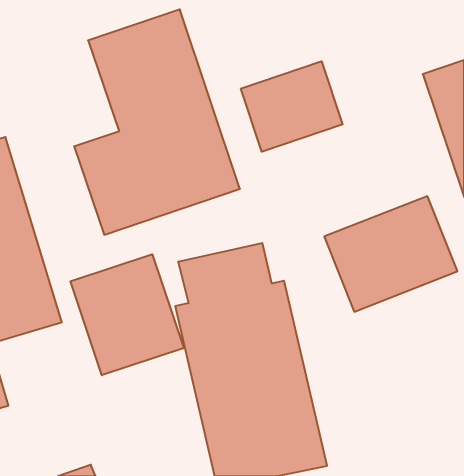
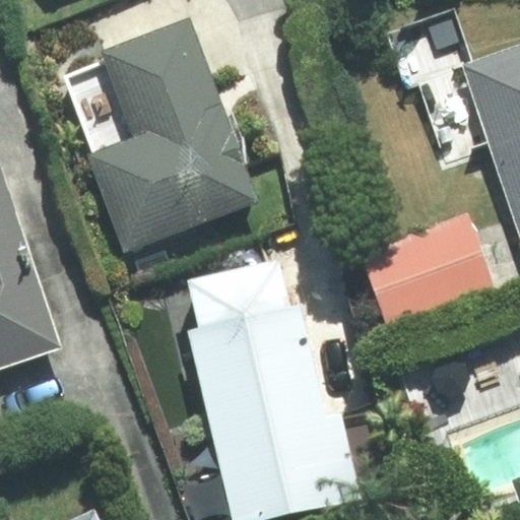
building: [241,61,342,152] -> none
building: [70,254,184,375] -> none

